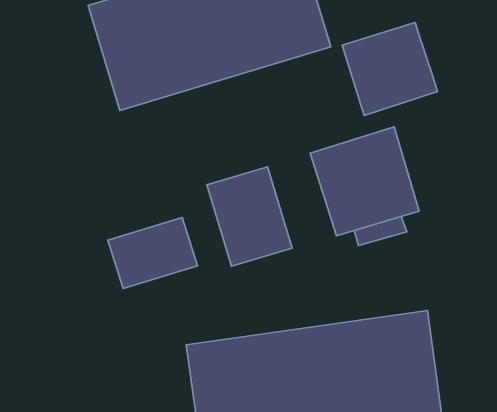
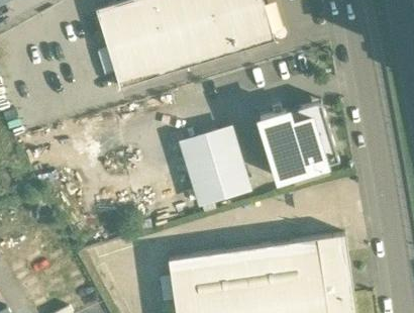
building: [342,23,437,115] -> none
building: [108,217,197,289] -> none

